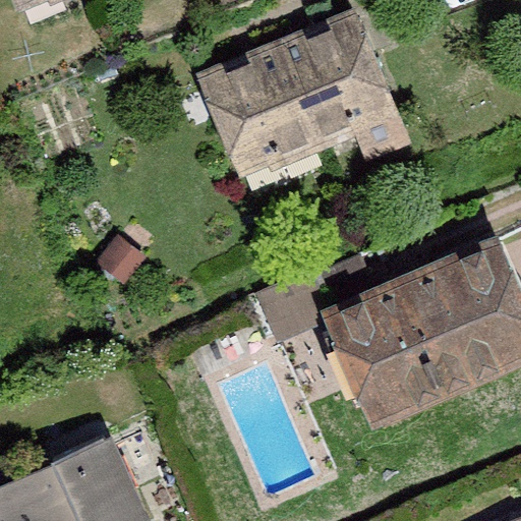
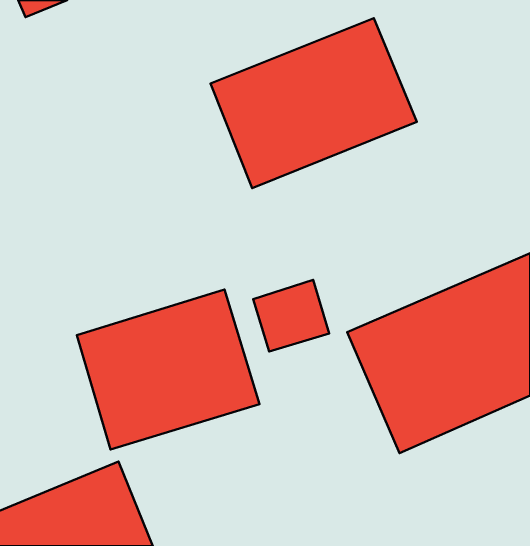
building: none -> [77,290,260,449]

